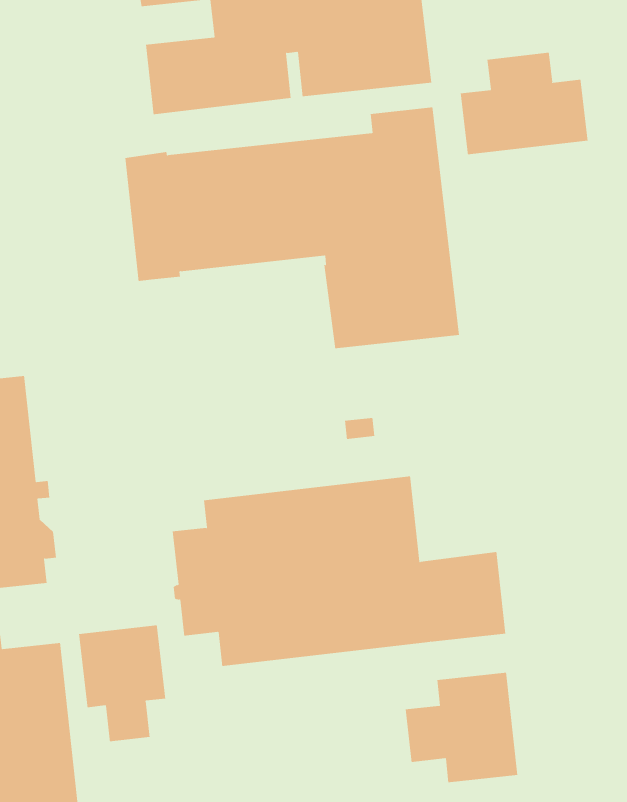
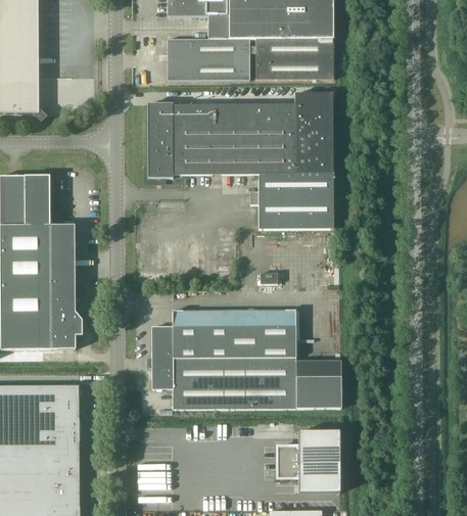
building: [460,52,588,155] -> none
building: [79,624,166,742] -> none

